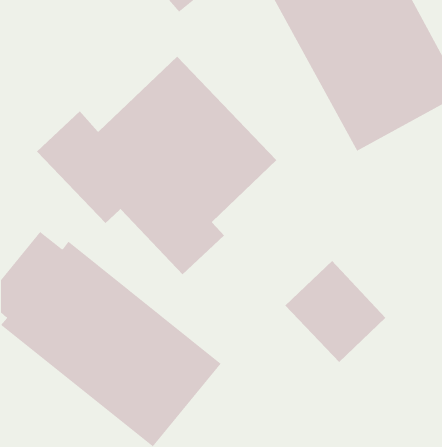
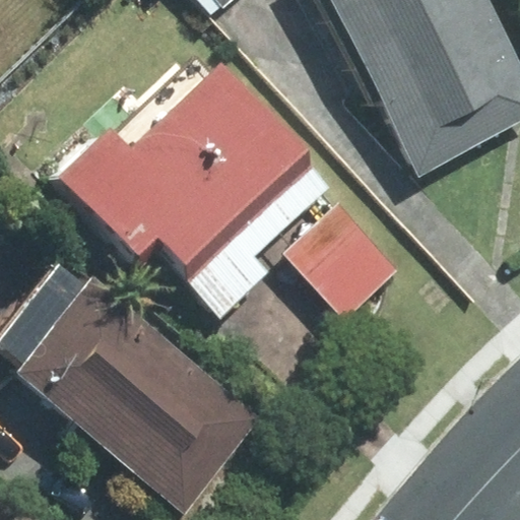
building: [284,260,386,363] -> [286,200,403,318]

